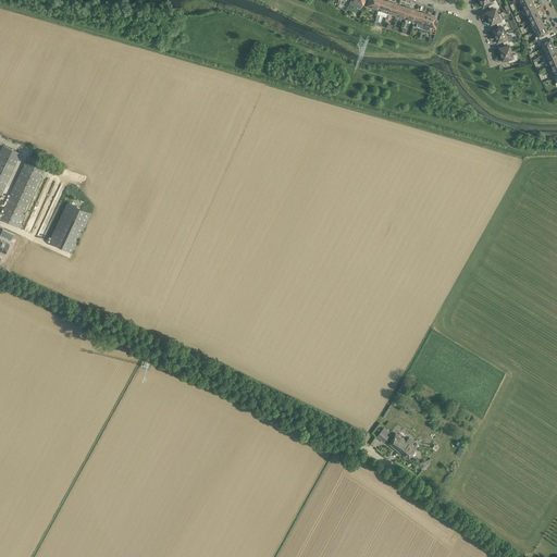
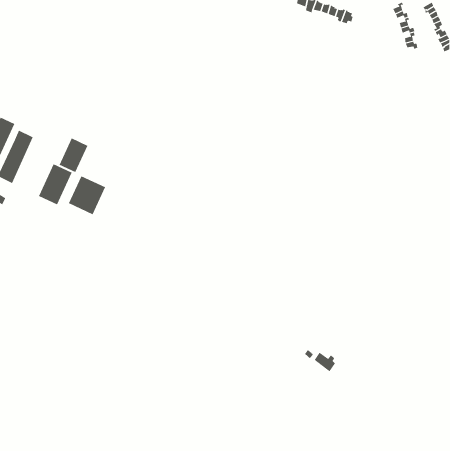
building: none -> [59,138,88,173]
building: none -> [68,175,106,215]

